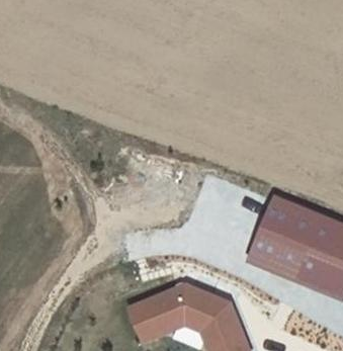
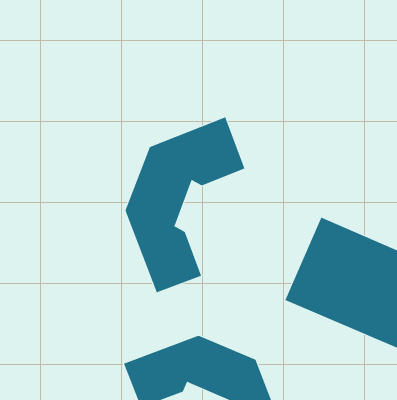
building: none -> [125,116,245,293]

